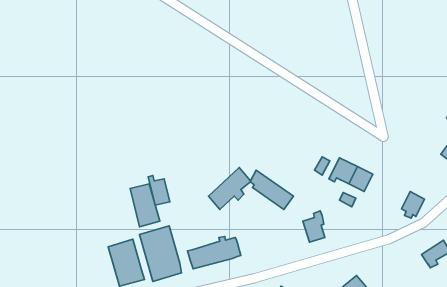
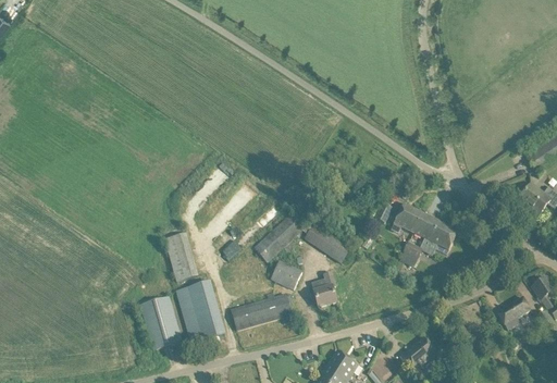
building: [148,176,170,205] -> none
building: [402,191,424,218] -> [431,222,457,252]
building: none -> [270,260,301,289]
building: [303,211,325,242] -> [310,271,335,307]

